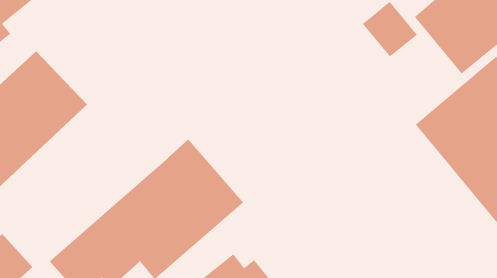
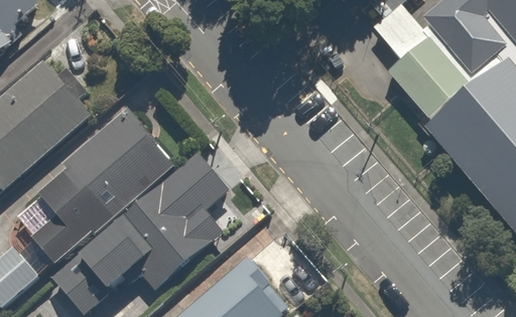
building: none -> [388,41,471,123]
building: none -> [26,111,175,270]

